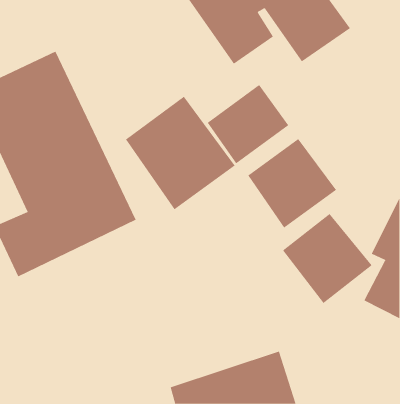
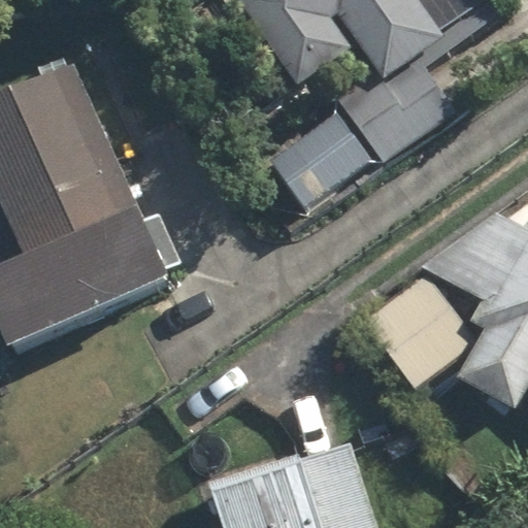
building: none -> [336,60,451,157]
building: [125,96,236,210] -> none
building: [248,138,337,229] -> none

